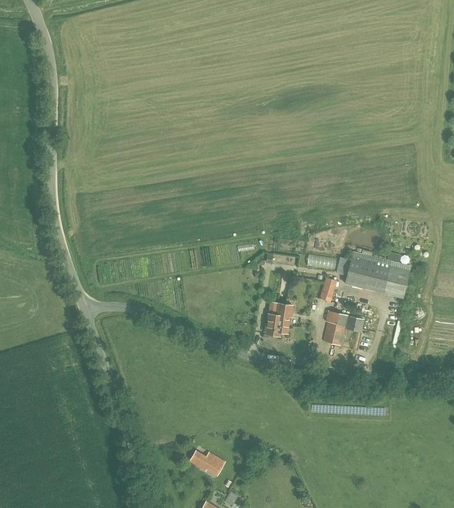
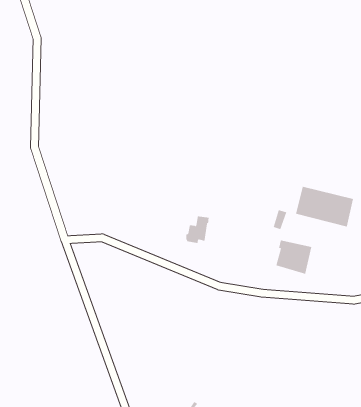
building: [264,304,291,335] -> [186,216,210,243]
building: [188,451,222,475] -> none

